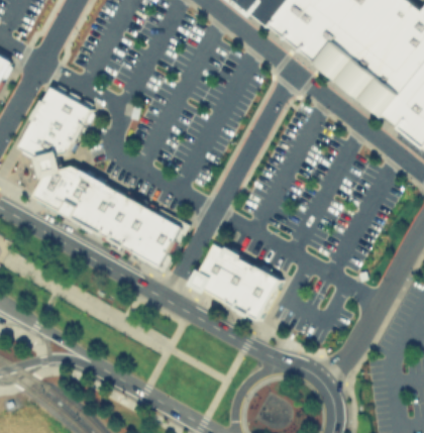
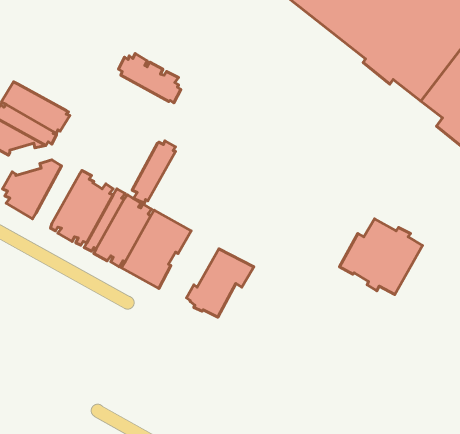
building: [42,83,95,124] -> [118,54,181,103]
building: [37,150,64,178] -> none
building: [60,168,96,220] -> [132,141,176,203]
building: [212,256,282,320] -> [340,219,423,295]

